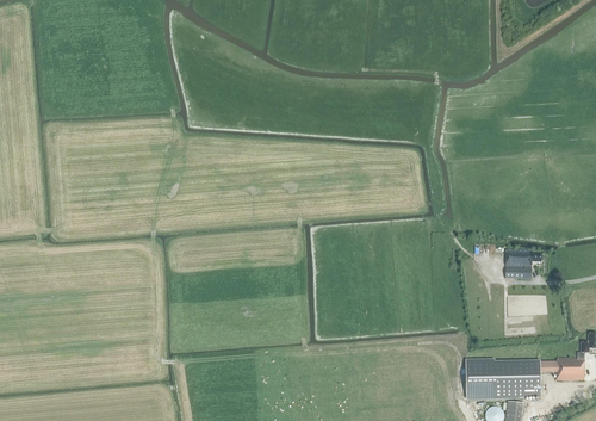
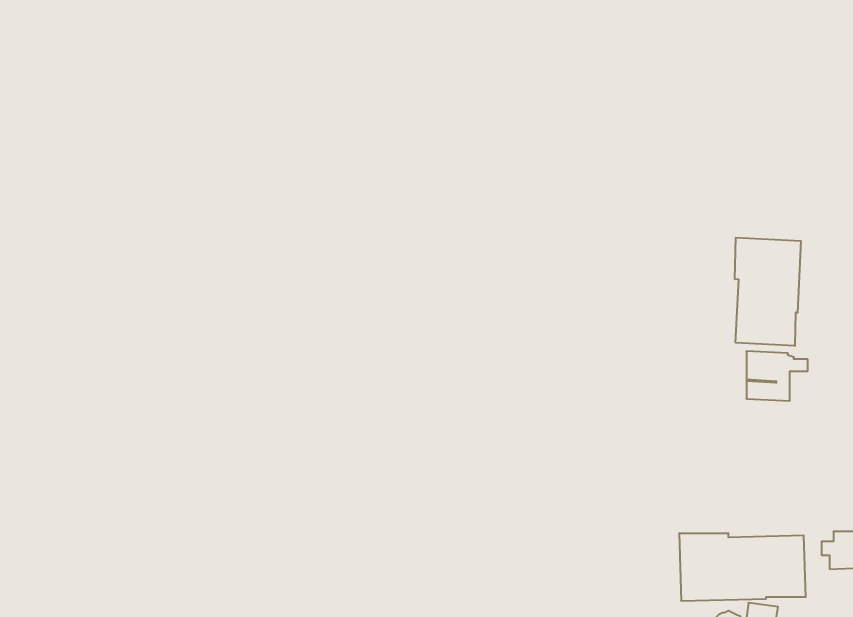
building: none -> [735,238,801,346]

